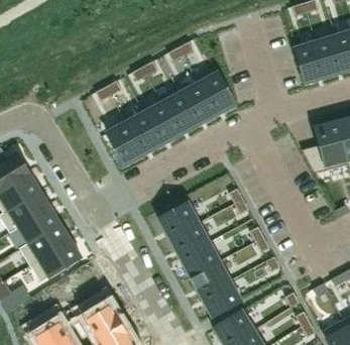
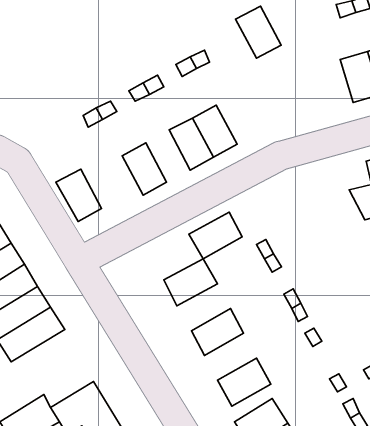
building: [200,74,235,114] -> [236,6,281,58]
building: [145,103,180,143] -> none
building: [108,123,143,163] -> [56,169,102,221]
building: [169,222,211,258] -> [189,212,242,259]
building: [191,260,231,297] -> none

